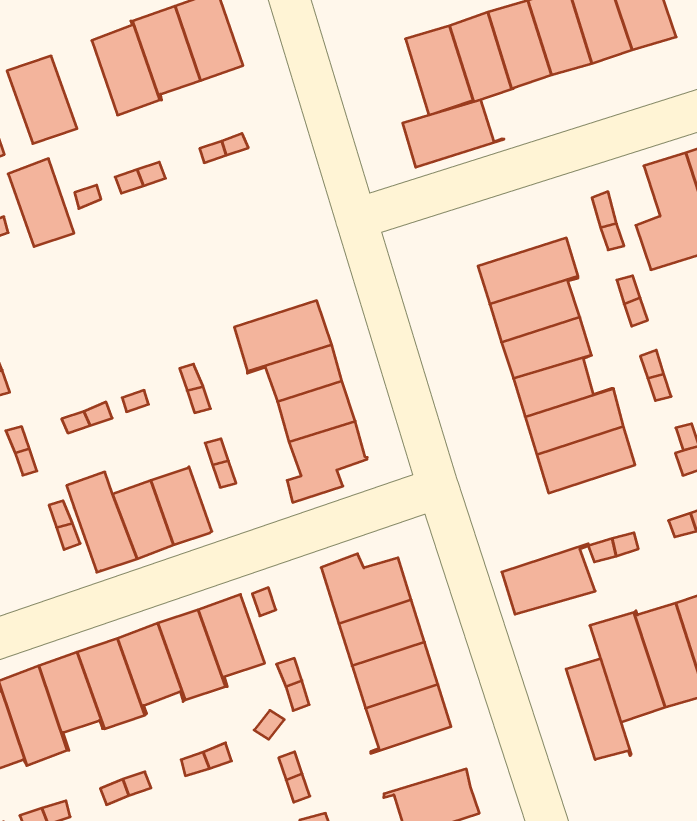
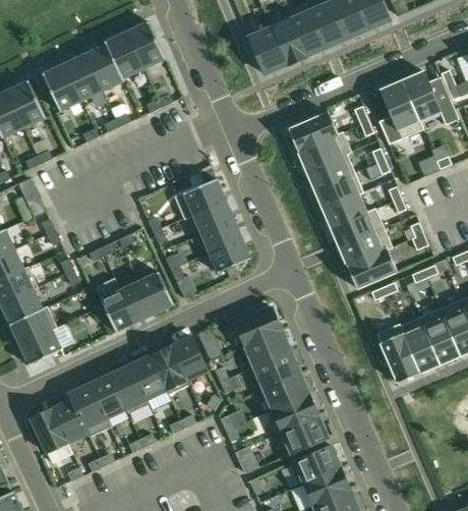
building: [403,100,504,167] -> [289,113,343,152]
building: [8,159,74,247] -> [64,54,102,101]
building: [502,544,595,614] -> [347,247,397,288]
building: [566,659,631,760] -> none
building: none -> [268,394,318,433]

